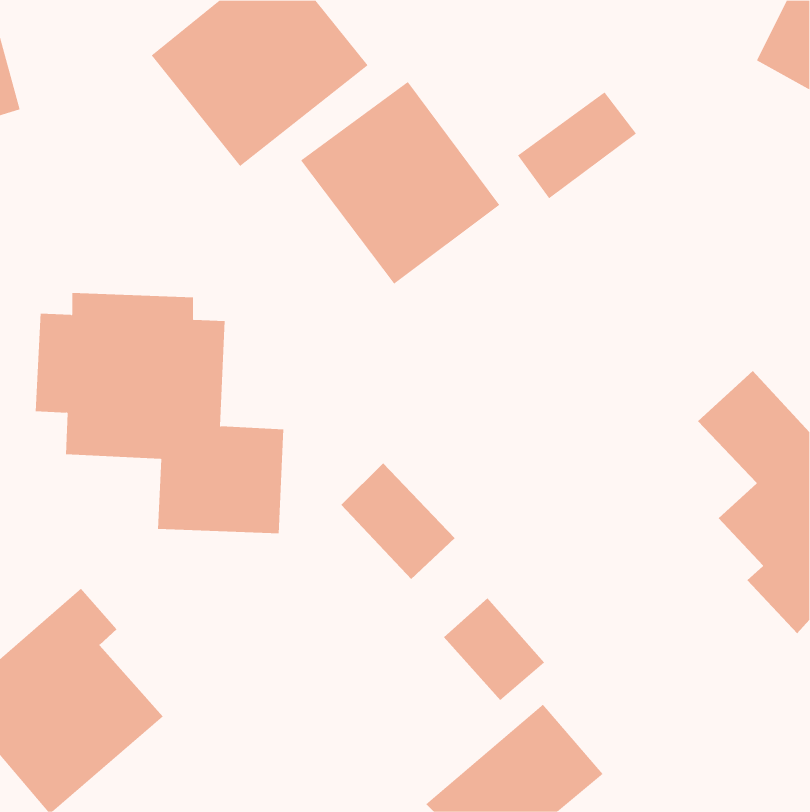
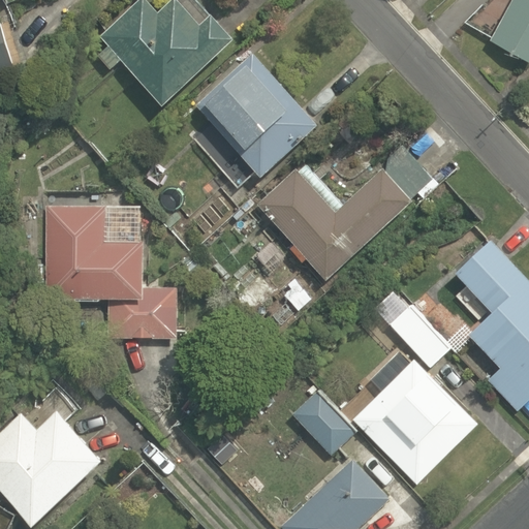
building: [517,92,637,199] -> none
building: none -> [255,160,414,308]
building: none -> [357,285,478,484]
building: [341,463,456,580] -> none

